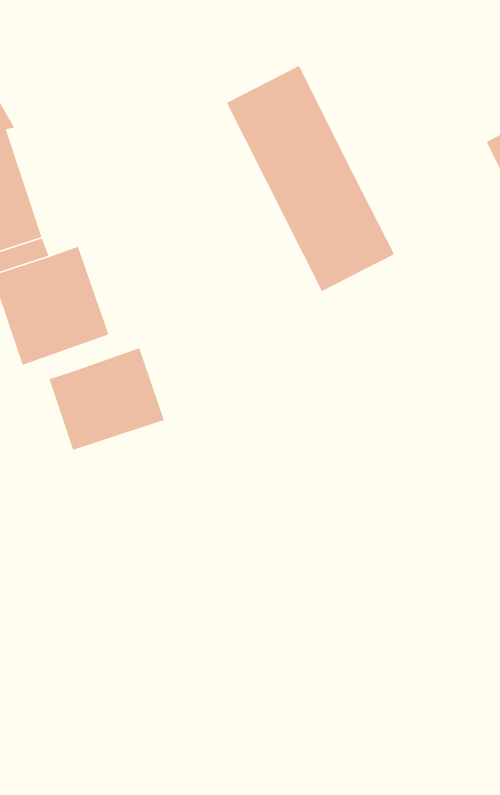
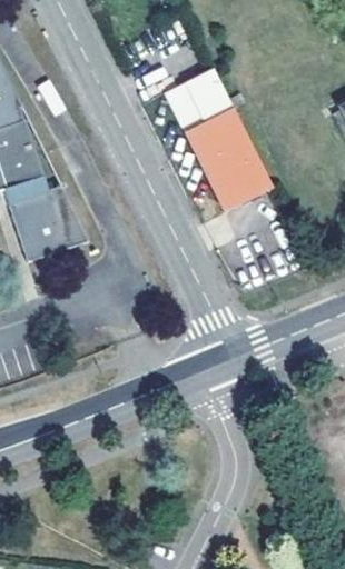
building: [49,347,165,451] -> none

